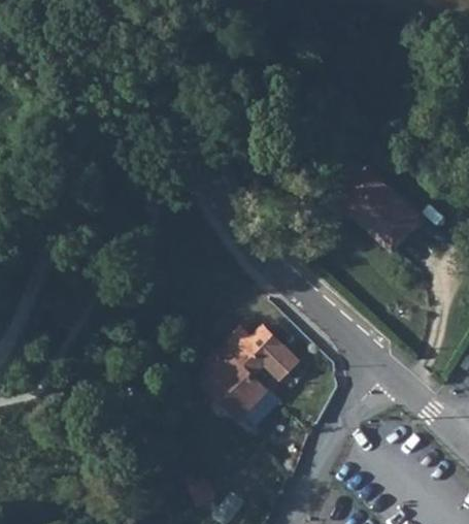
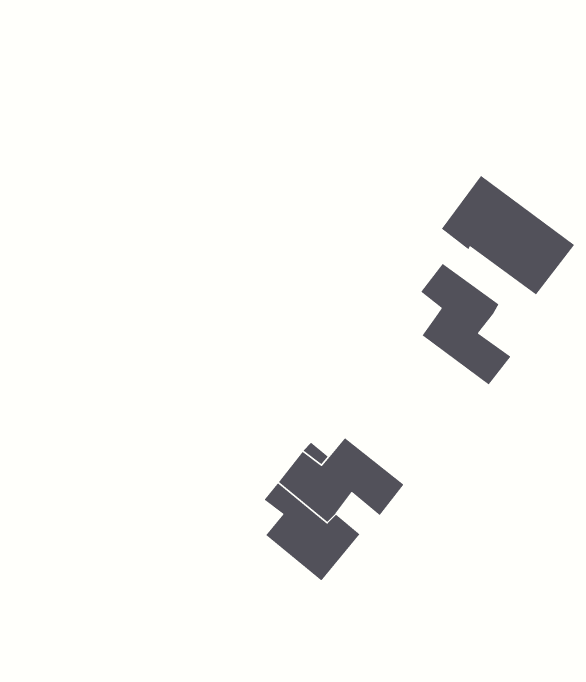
building: none -> [420,263,511,386]

